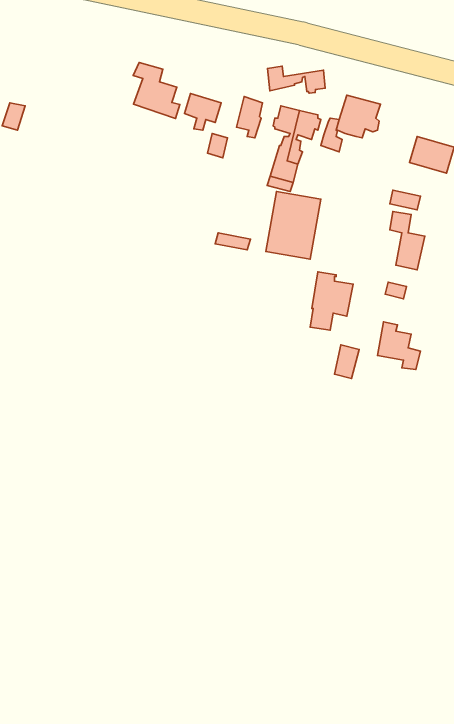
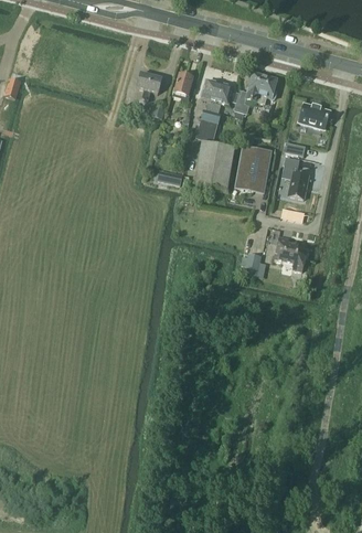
building: [133,62,180,118] -> none
building: [268,66,325,93] -> none
building: [310,272,353,330] -> [238,146,269,188]

